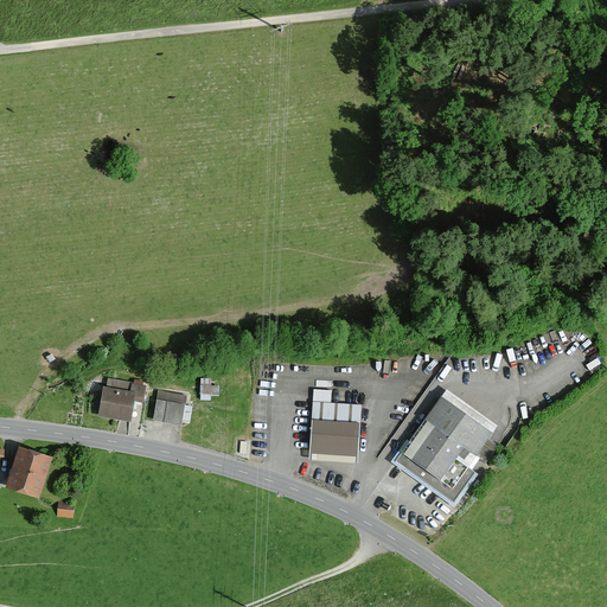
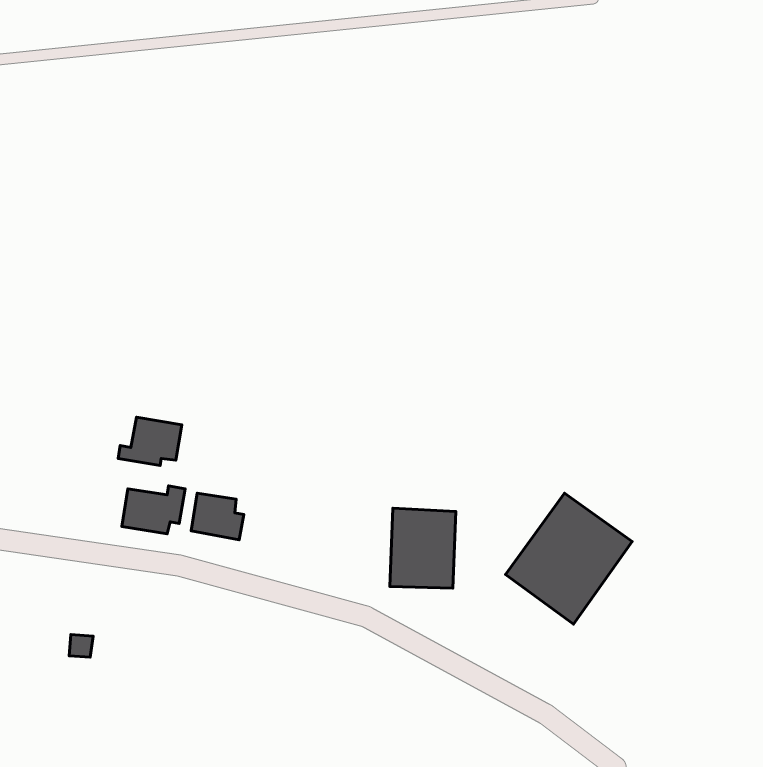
building: none -> [118,417,182,465]
building: [9,439,55,498] -> none

